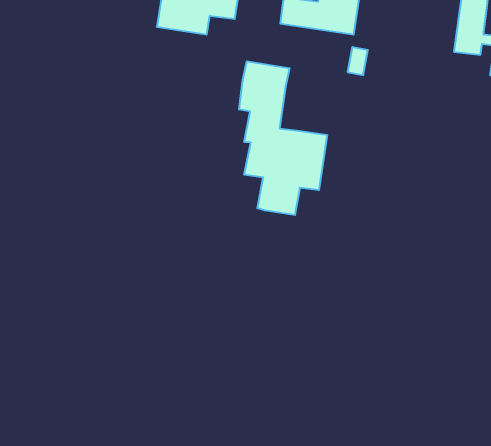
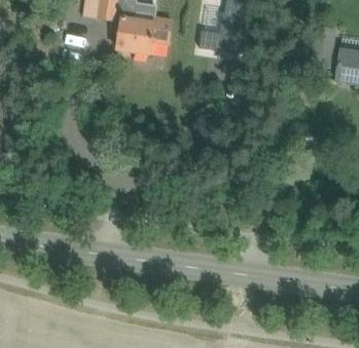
building: [239,61,327,215] -> none

